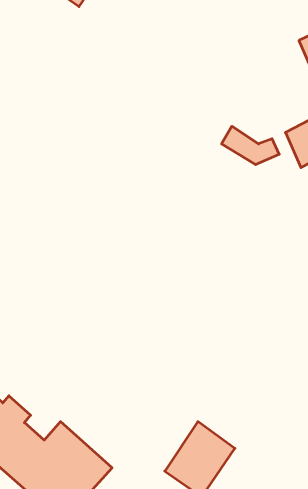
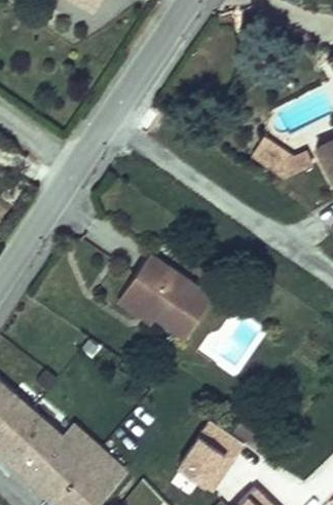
building: none -> [110,260,208,346]

